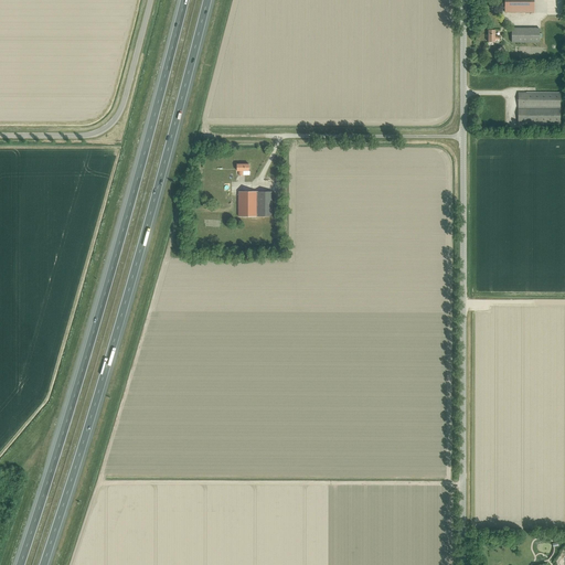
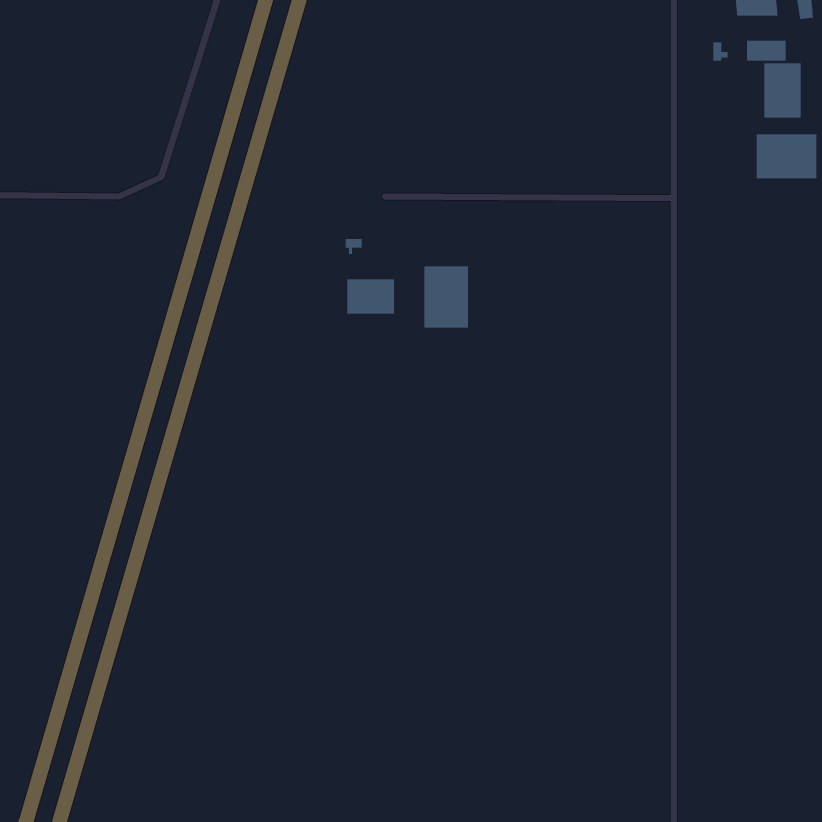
building: none -> [764,63,801,118]
building: none -> [424,266,468,328]

